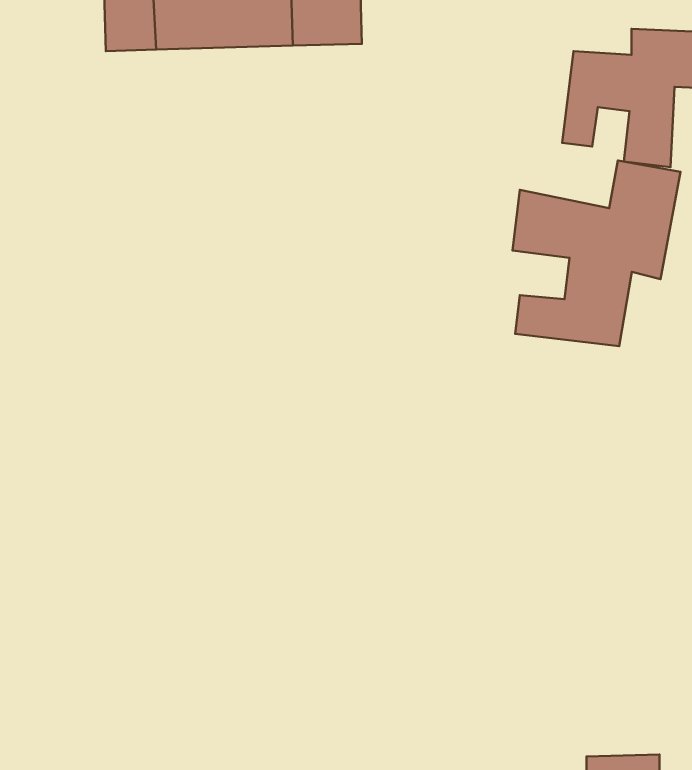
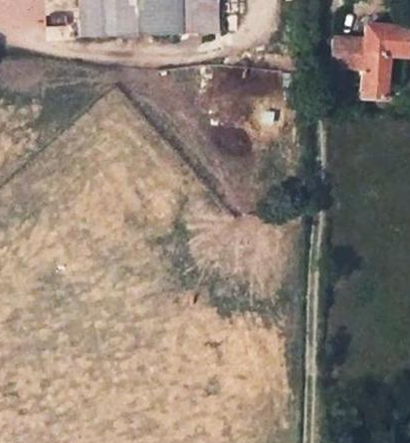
building: [513,160,680,346] -> none

